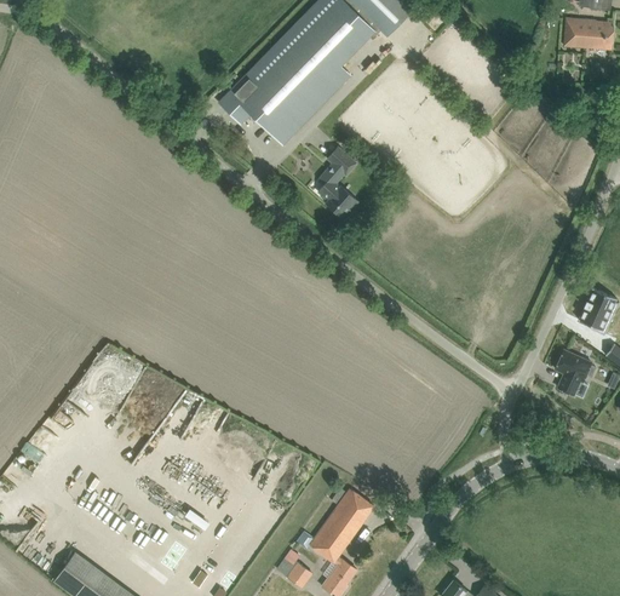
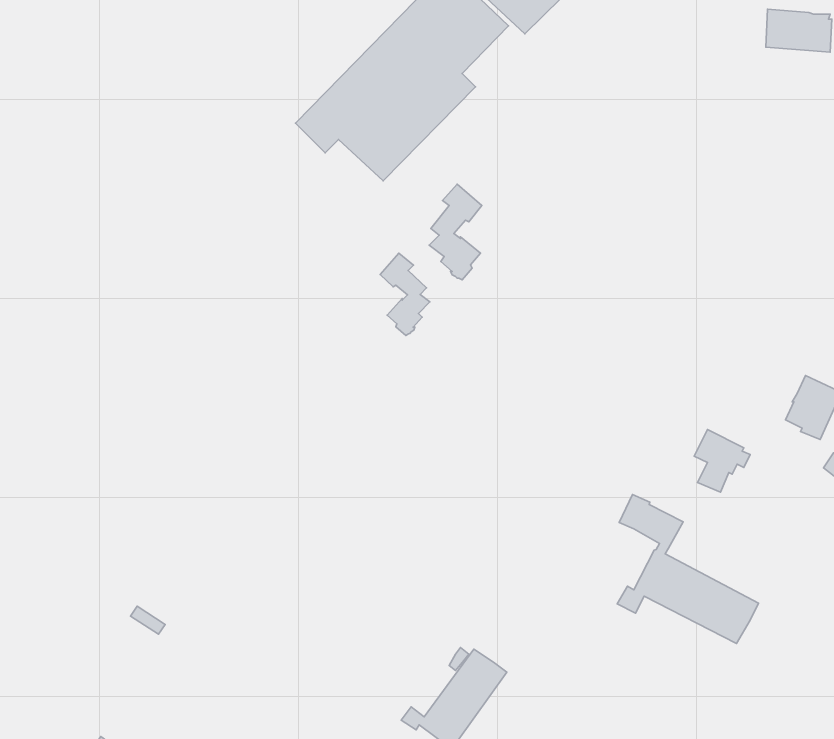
building: none -> [380,253,430,336]
building: [555,349,596,395] -> [694,430,750,492]
building: none -> [617,495,759,644]

